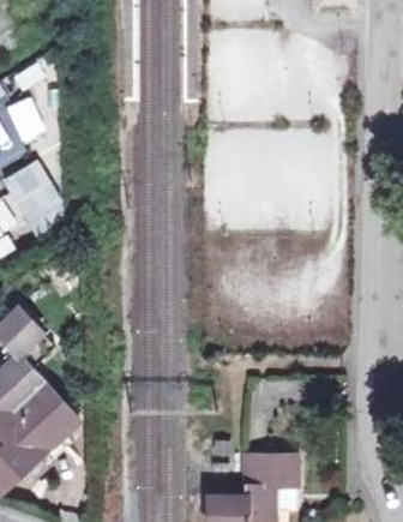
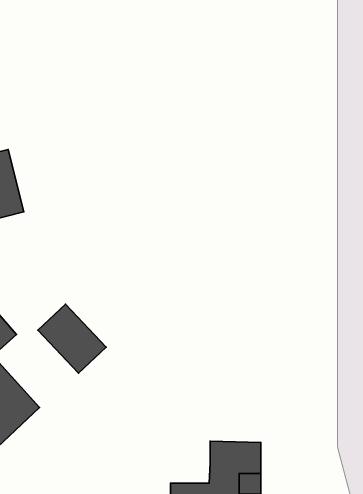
building: none -> [38,304,106,373]

